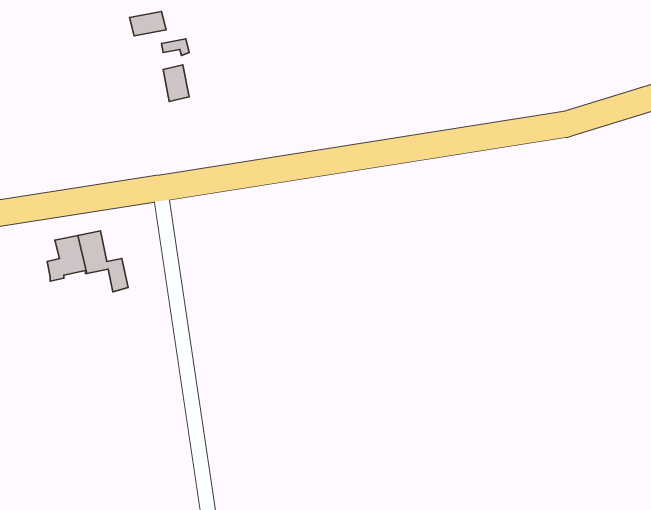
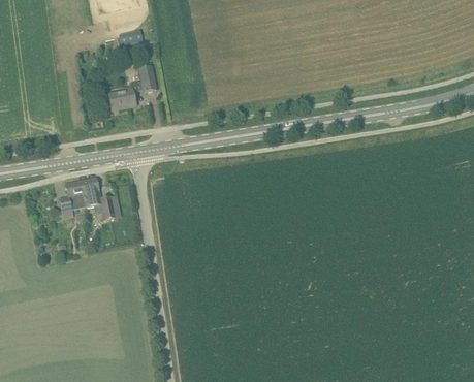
building: none -> [108,87,136,110]

